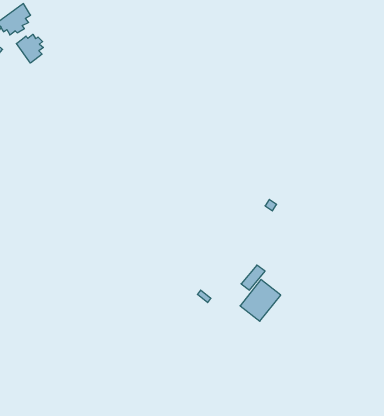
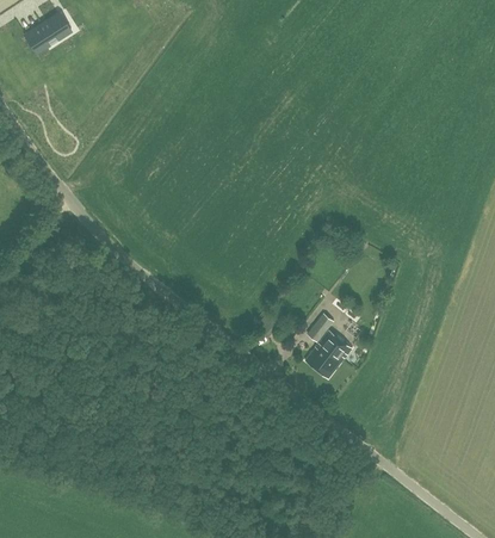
building: [16,34,43,63] -> none

